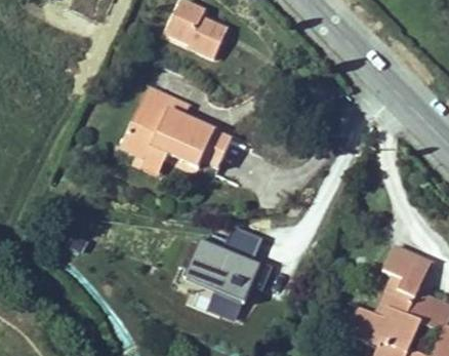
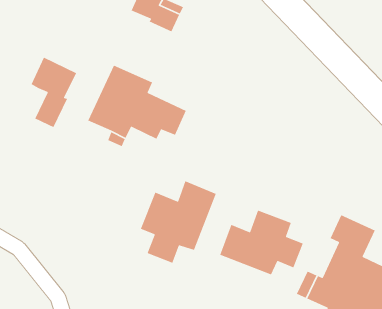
building: none -> [31,56,77,128]
building: none -> [219,209,304,276]

